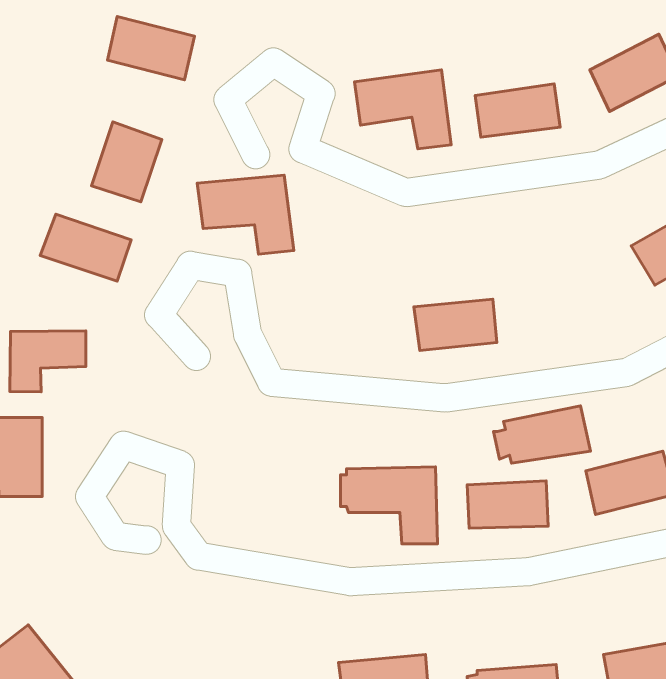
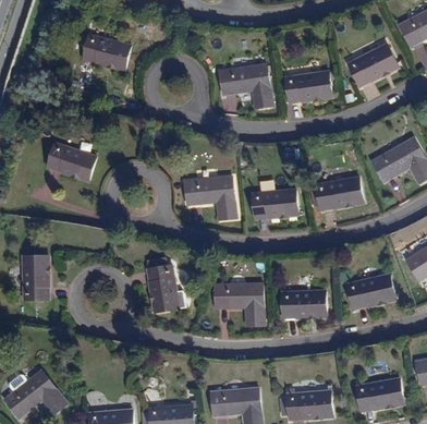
building: [92,122,162,202] -> none
building: [197,175,294,254] -> [184,175,237,219]
building: [10,331,86,392] -> none
building: [494,406,590,463] -> [310,177,364,208]
building: none -> [148,264,179,311]

